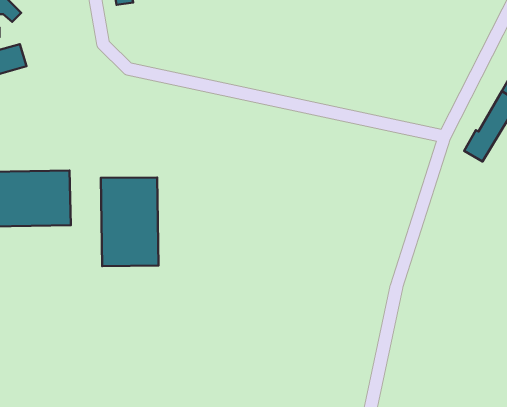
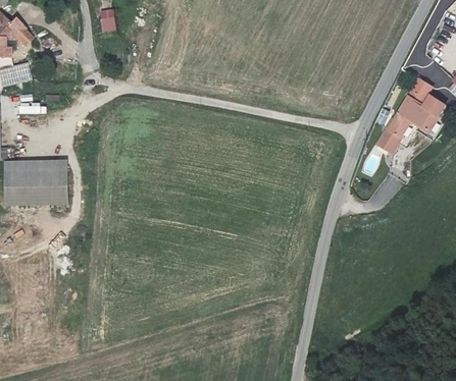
building: [101,177,159,266] -> none

